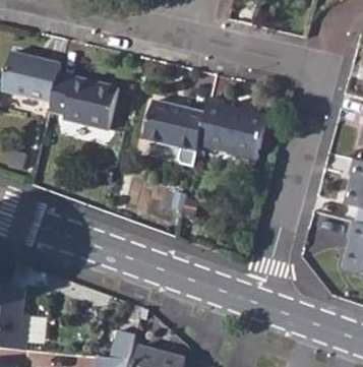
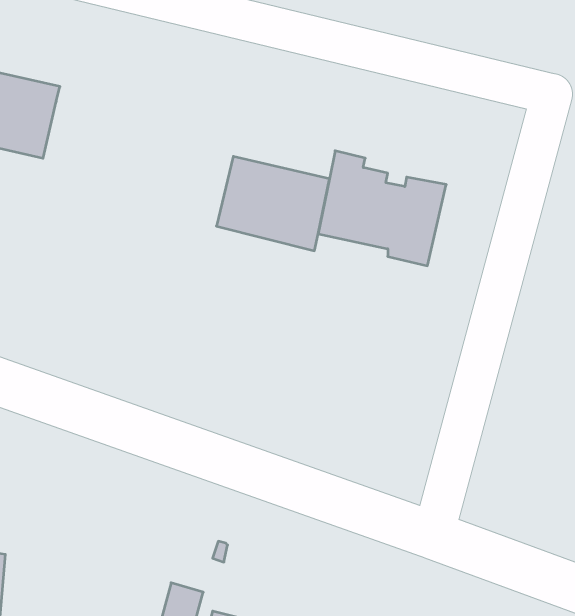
building: [48,72,116,129] -> none

